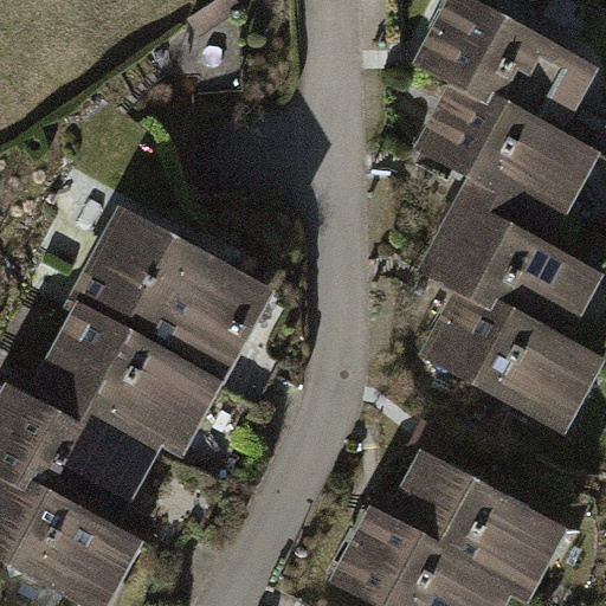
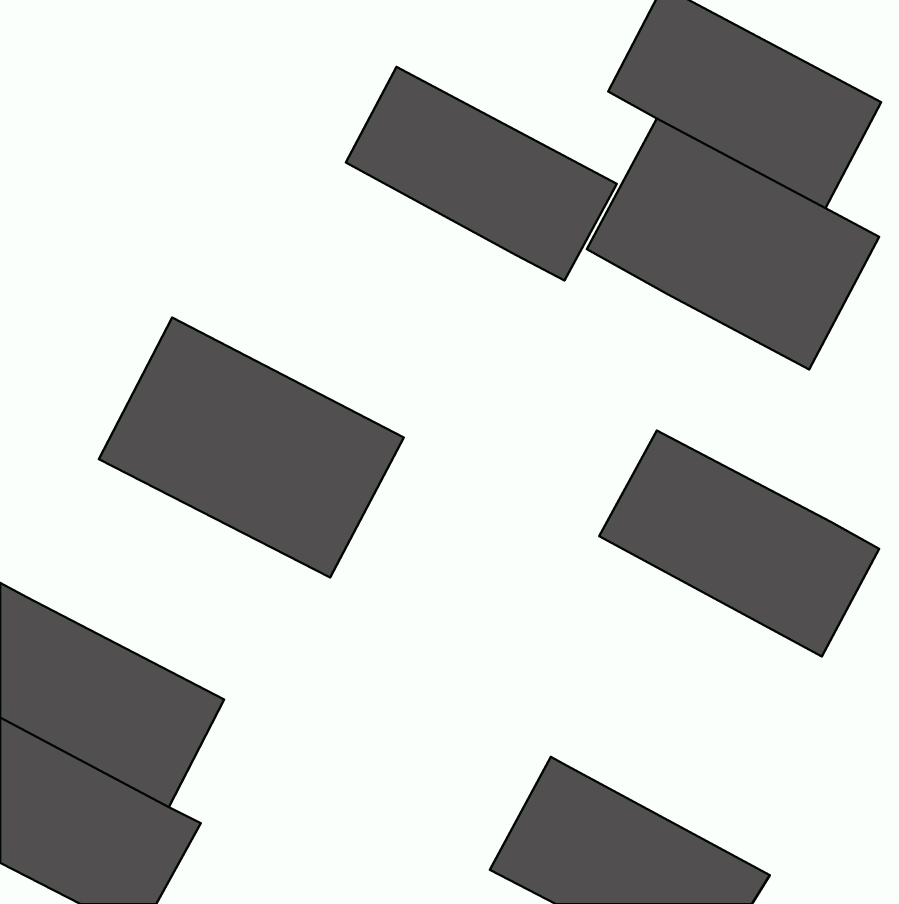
building: none -> [346,67,617,280]
building: [413,194,599,344] -> none
building: [30,303,230,473] -> none
building: [386,446,563,584] -> none

